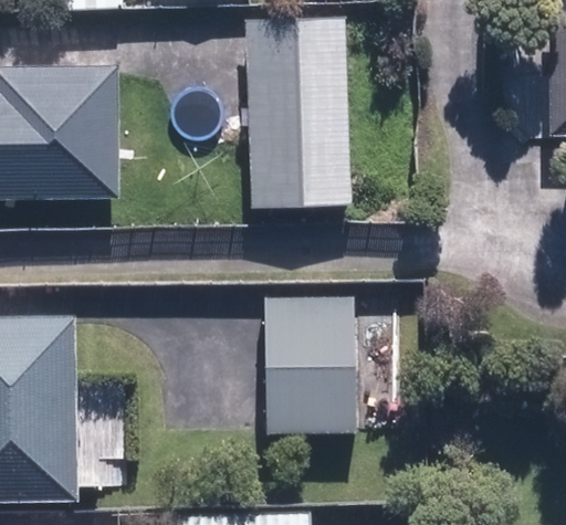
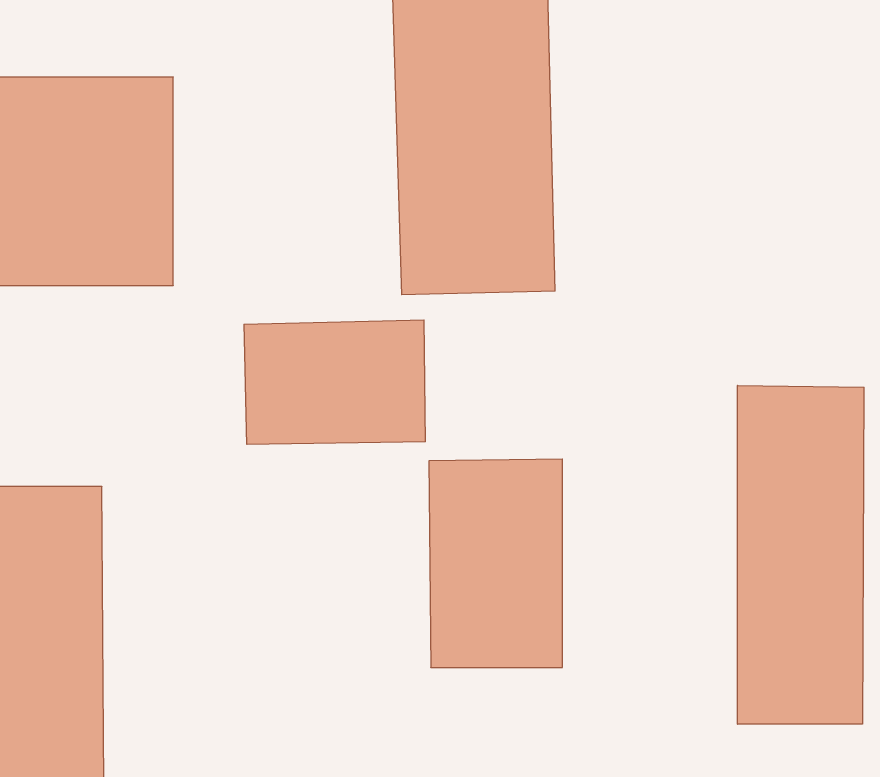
building: none -> [244,320,425,444]
building: none -> [738,385,864,724]

